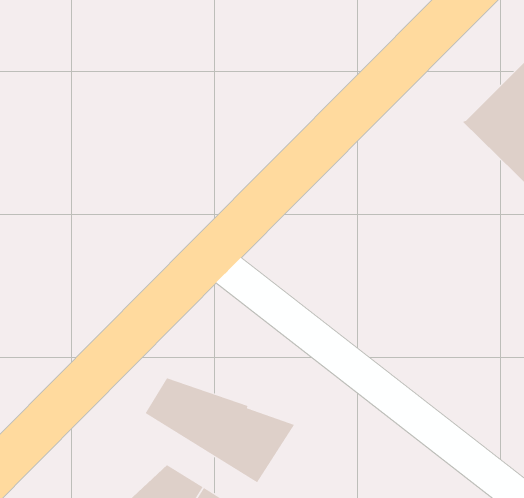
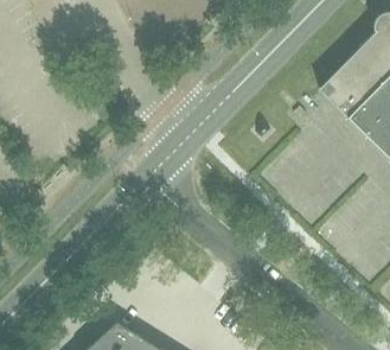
building: [145,378,295,483] -> none

